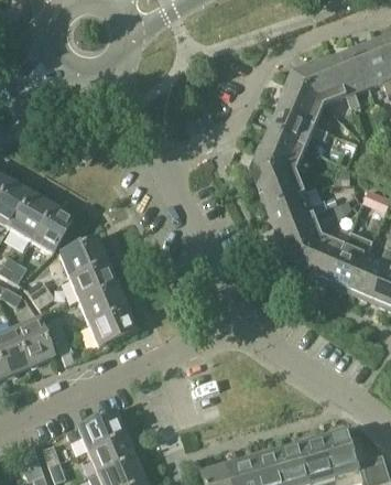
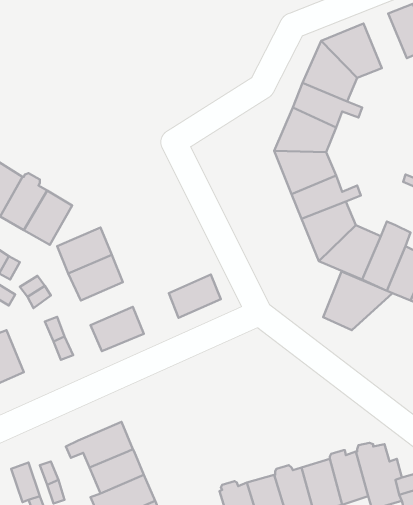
building: [330,46,369,108] -> none
building: none -> [323,271,392,330]
building: [79,285,126,324] -> [169,274,221,318]
building: [13,317,53,366] -> none

